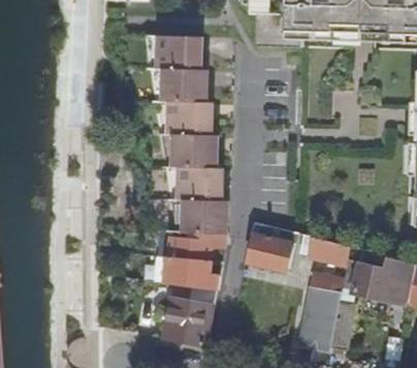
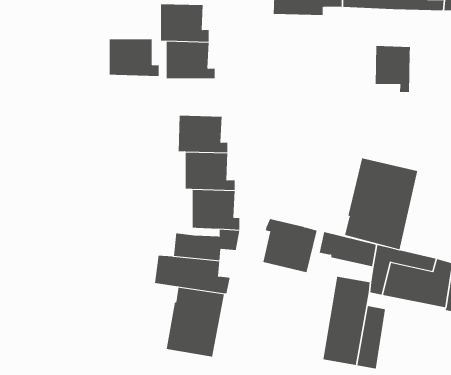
building: none -> [375,45,410,93]
building: [166,100,211,133] -> [109,39,159,76]
building: none -> [344,157,418,250]

